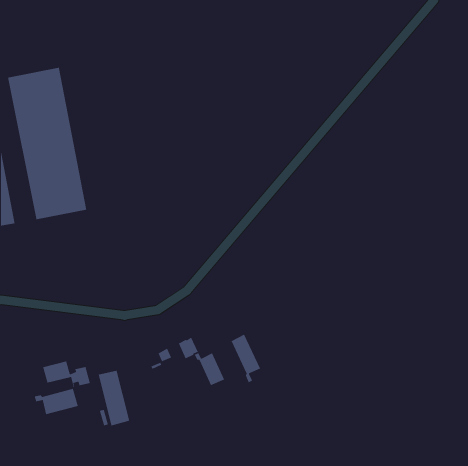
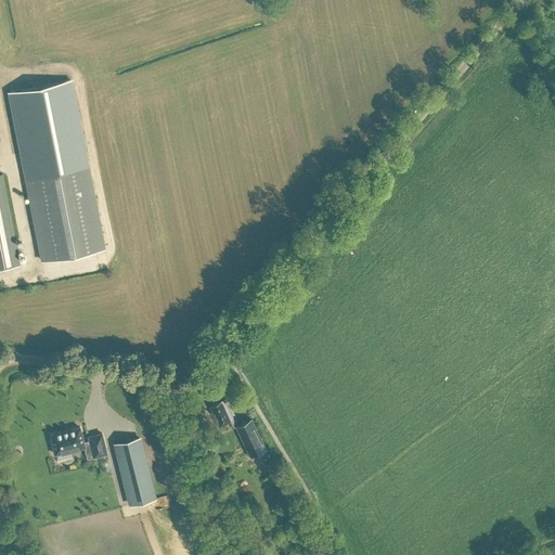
building: [230,334,261,383] -> none
building: [34,388,79,415] -> none

